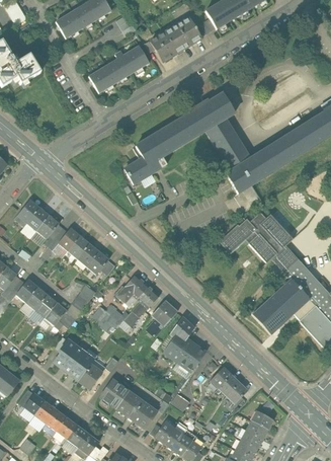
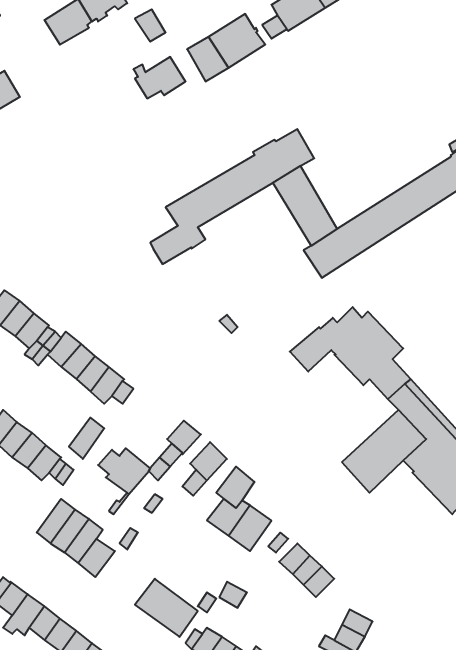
building: [89,60,126,92] -> none
building: [116,274,148,303] -> none
building: [99,379,129,407] -> none

